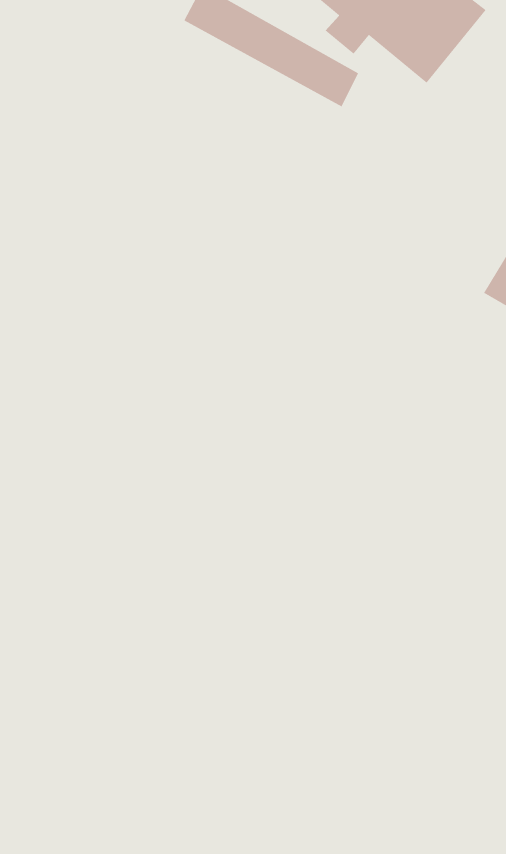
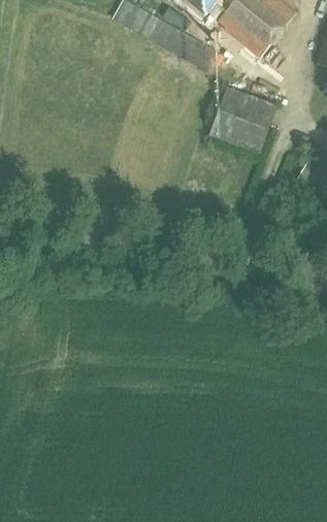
building: none -> [209,86,276,150]

